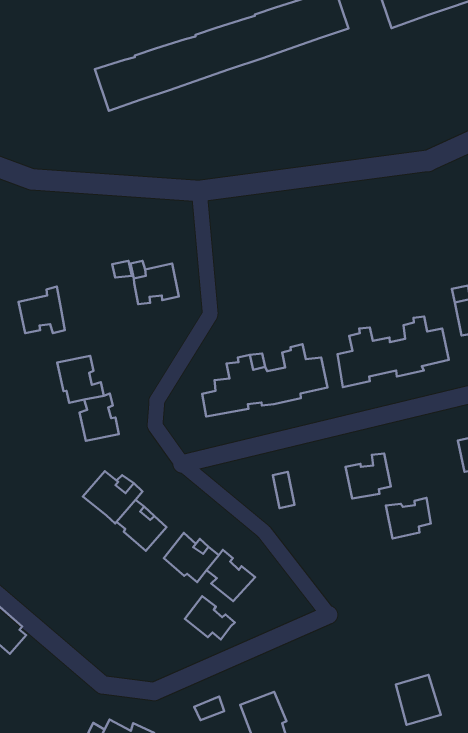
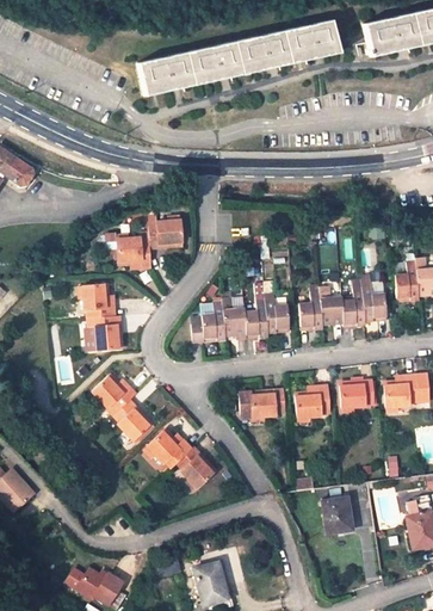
building: [19,287,65,333] -> [117,232,150,267]
building: none -> [250,389,285,418]
building: [386,498,431,539] -> [340,379,373,408]
building: [185,596,235,640] -> none
building: [396,675,441,725] -> [321,496,353,533]

